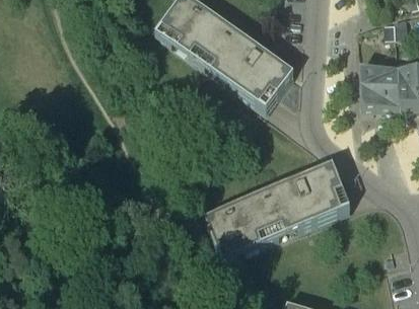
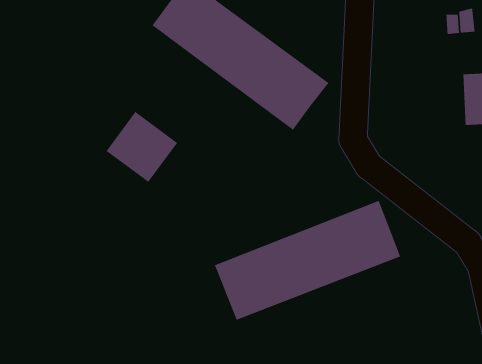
building: [359,65,400,107] -> none
building: none -> [106,111,178,183]

